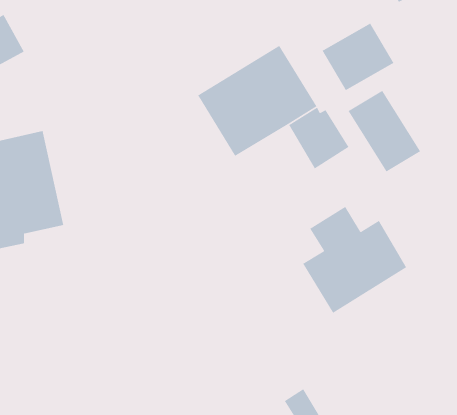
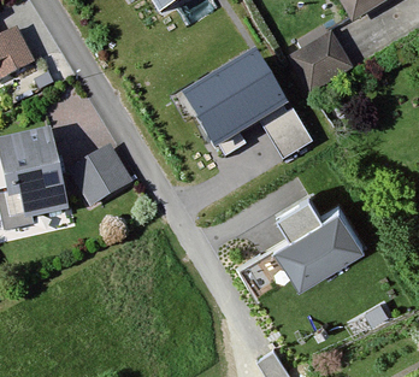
building: [347,90,421,173] -> none
building: none -> [69,145,130,205]

